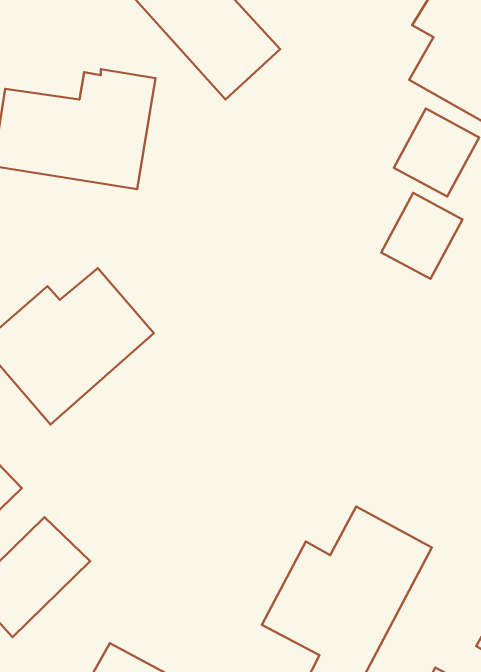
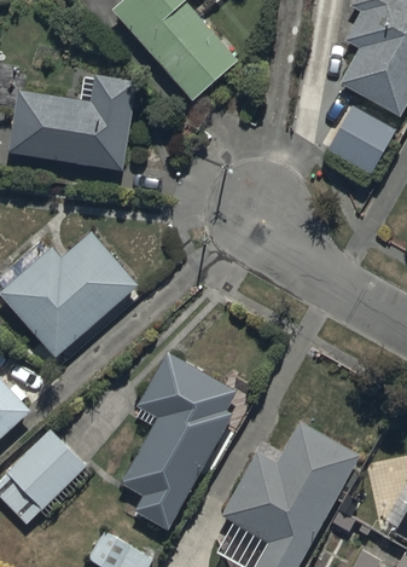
building: [381,193,462,279] -> none
building: none -> [121,352,237,531]

